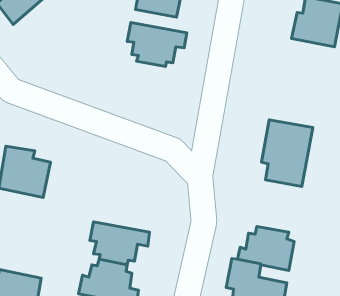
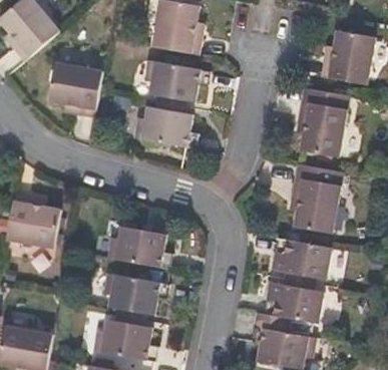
building: none -> [48,62,102,116]
building: none -> [296,86,350,158]
building: none -> [133,100,198,148]
building: none -> [108,225,171,268]
building: none -> [274,238,333,284]

